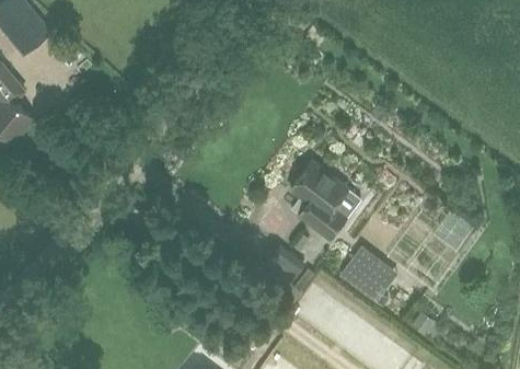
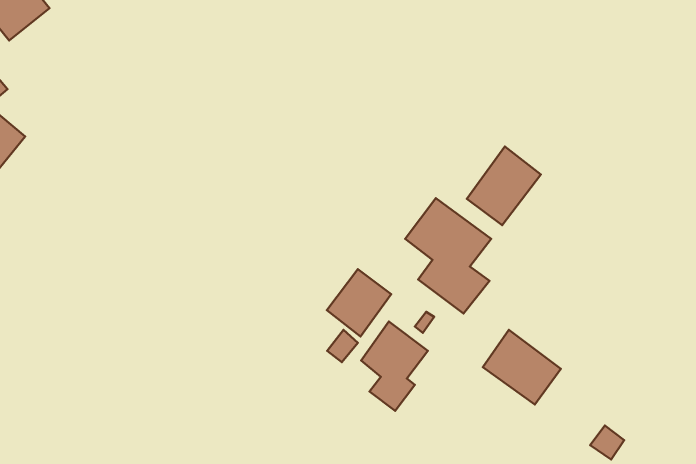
building: none -> [467,147,541,225]
building: none -> [327,269,391,337]

